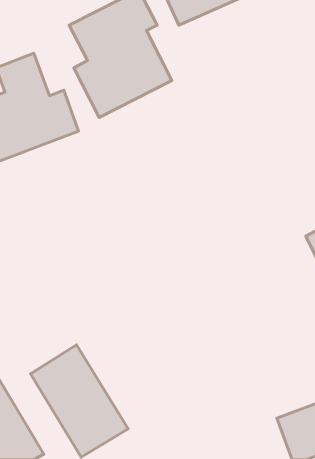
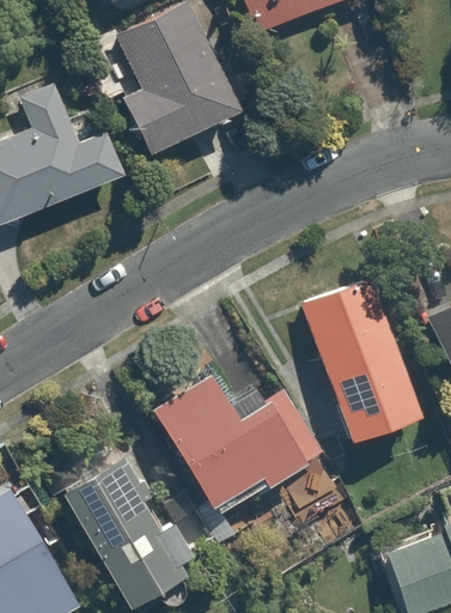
building: none -> [300,283,422,444]
building: none -> [148,370,323,517]

